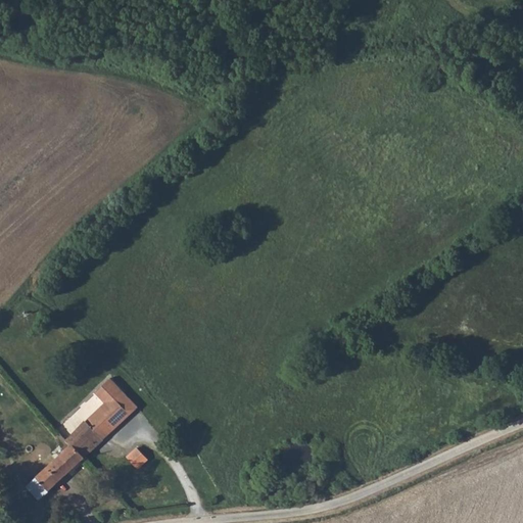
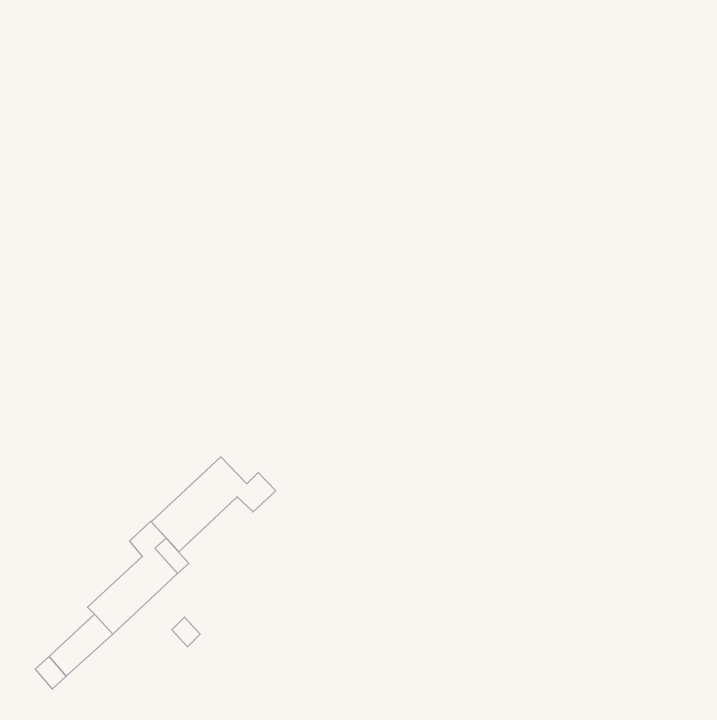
building: none -> [151,457,276,552]

